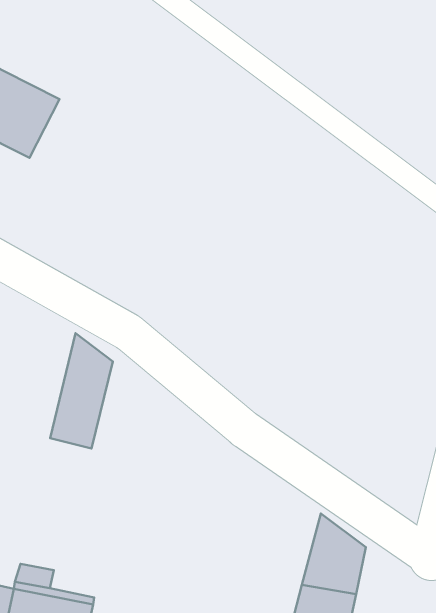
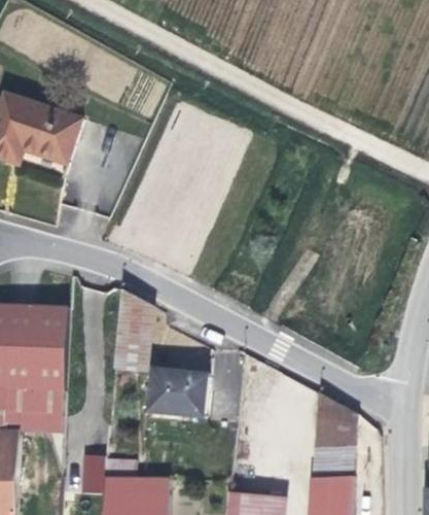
building: none -> [147,371,208,420]

